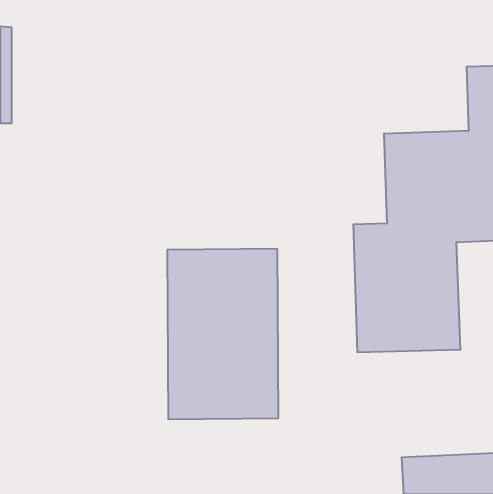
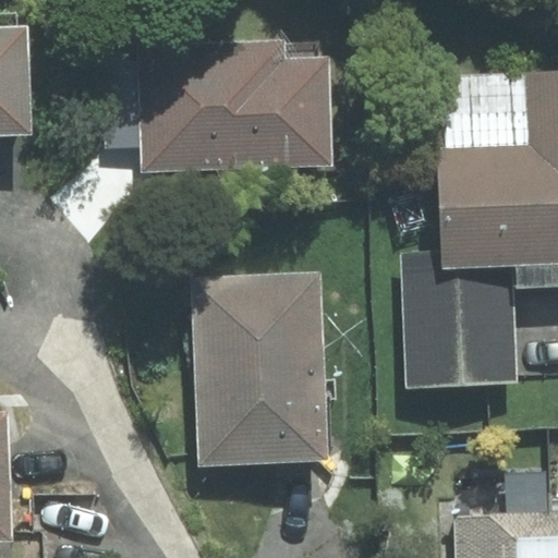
building: none -> [146,40,328,171]

